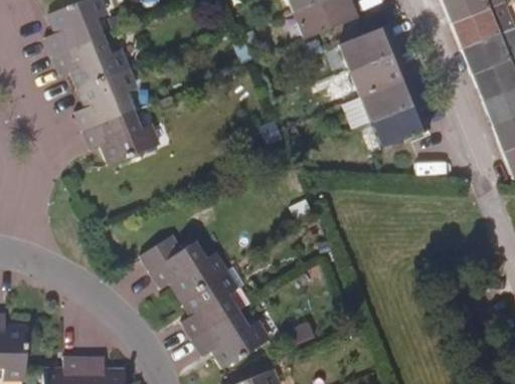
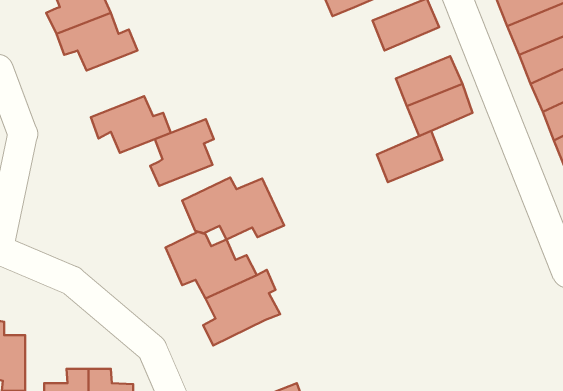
building: [350,49,409,95] -> [377,131,442,182]
building: [76,70,134,131] -> [150,119,214,186]
building: none -> [182,177,284,240]
building: [195,314,269,367] -> none

